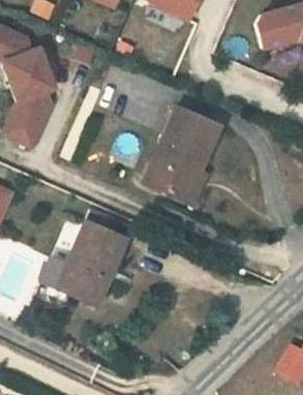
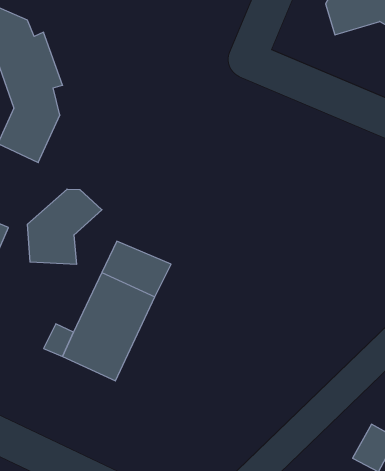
building: [149,107,220,193] -> none
building: none -> [28,189,102,264]

